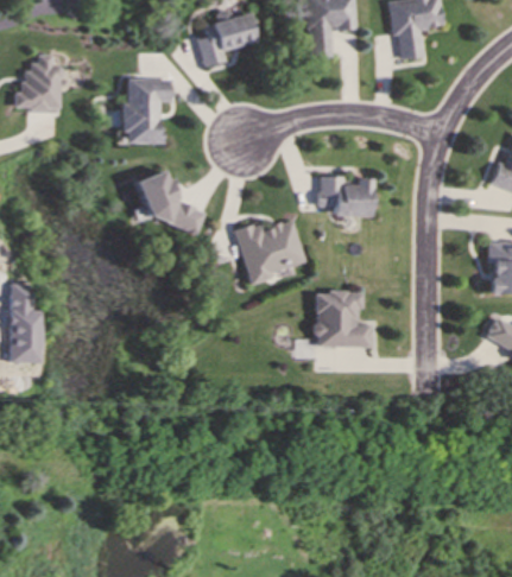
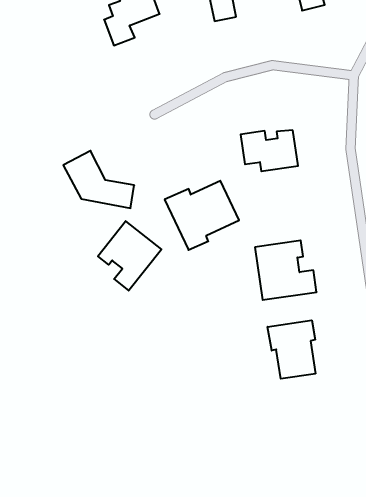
building: [124,77,171,142] -> none
building: none -> [98,221,161,291]
building: none -> [268,320,315,379]

